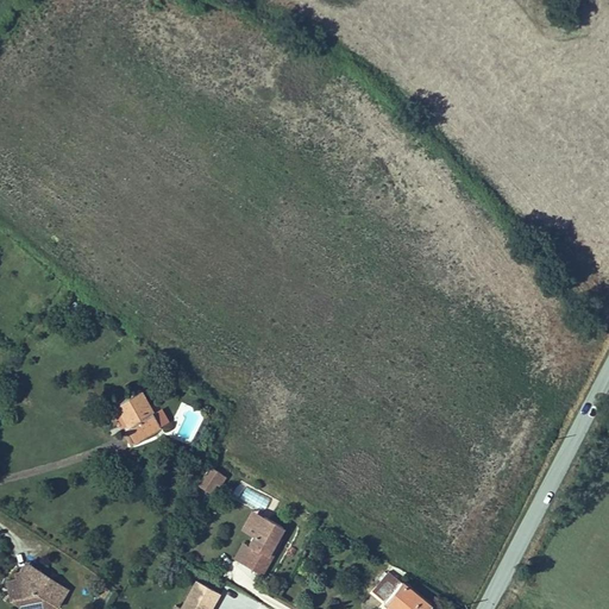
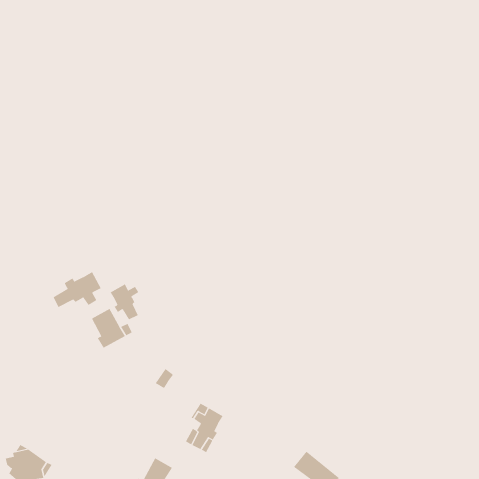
building: none -> [53,271,102,308]
building: none -> [110,284,139,320]

